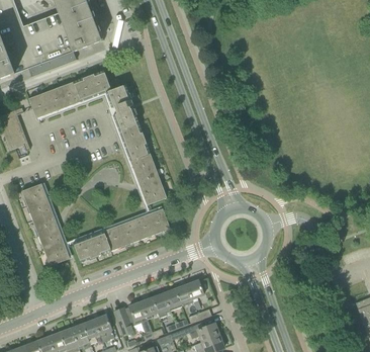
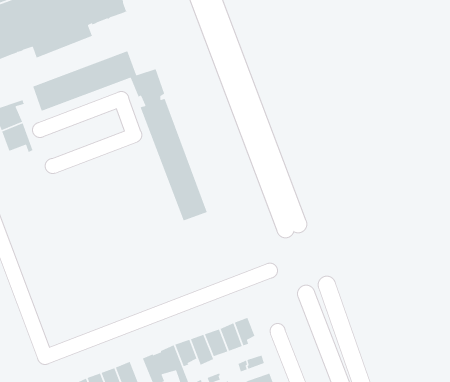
building: [21,183,69,265] -> none
building: [73,208,170,262] -> none

